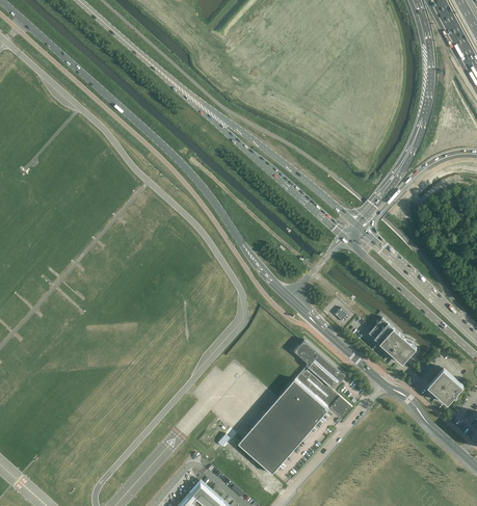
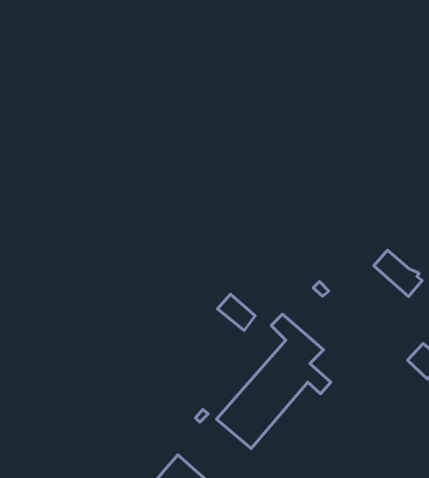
building: [367,320,415,366] -> [374,250,422,296]
building: none -> [217,294,255,331]

